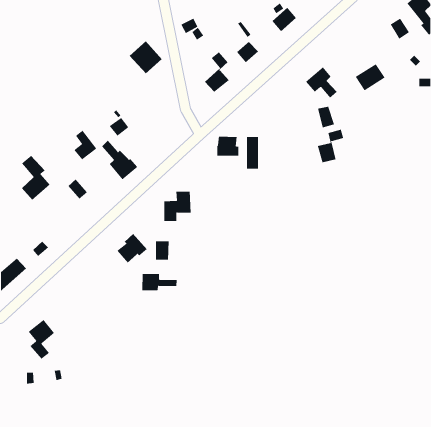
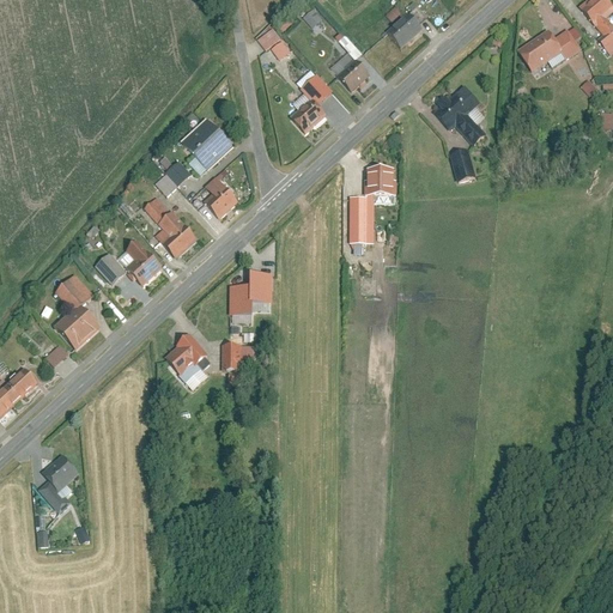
building: [129,41,163,74] -> [183,117,231,165]
building: [355,63,385,91] -> [518,28,562,67]
building: [317,129,344,163] -> none
building: [73,130,97,160] -> [125,241,158,284]
building: none -> [205,186,237,218]
building: [216,136,239,156] -> [366,163,399,192]
building: [21,155,51,201] -> [55,278,97,342]
building: [142,273,177,291] -> none

